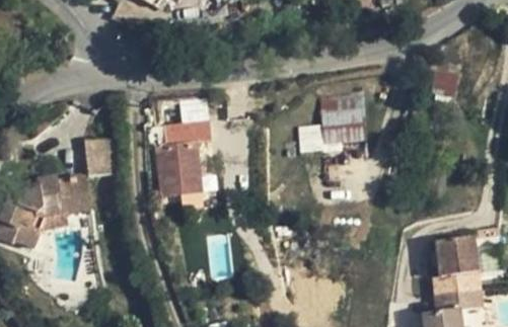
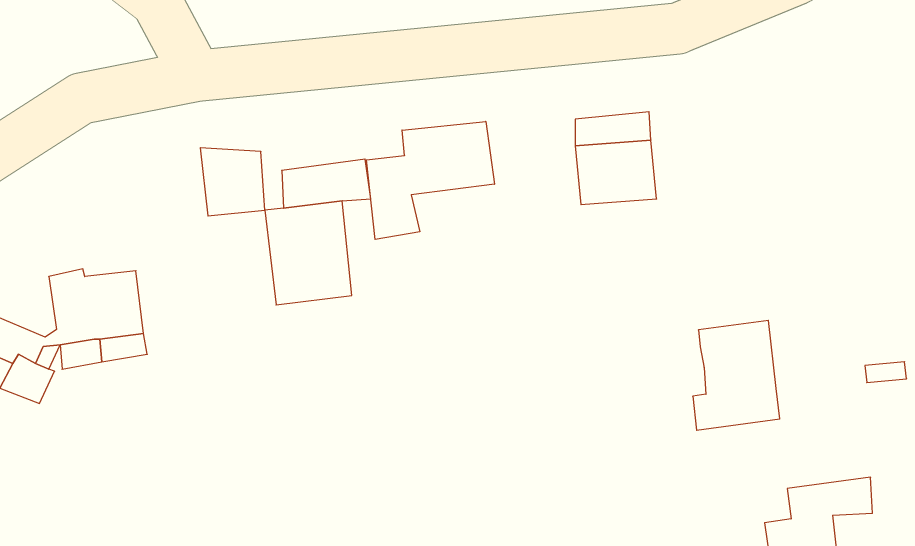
building: none -> [366,121,494,239]
building: [82,139,117,175] -> [200,148,265,216]
building: [431,236,478,295] -> [693,320,780,430]

